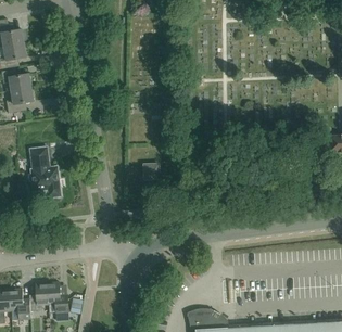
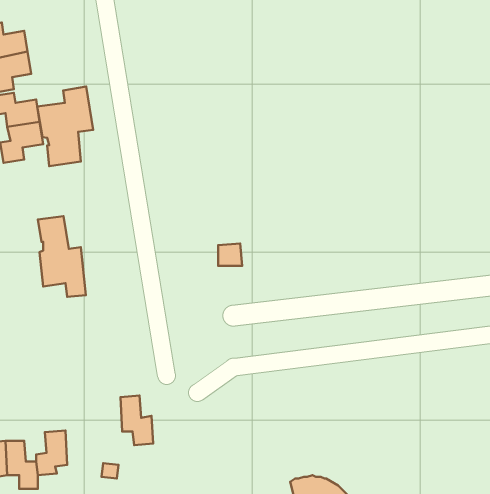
building: none -> [37,87,93,166]
building: [48,281,68,312] -> [121,395,153,445]

